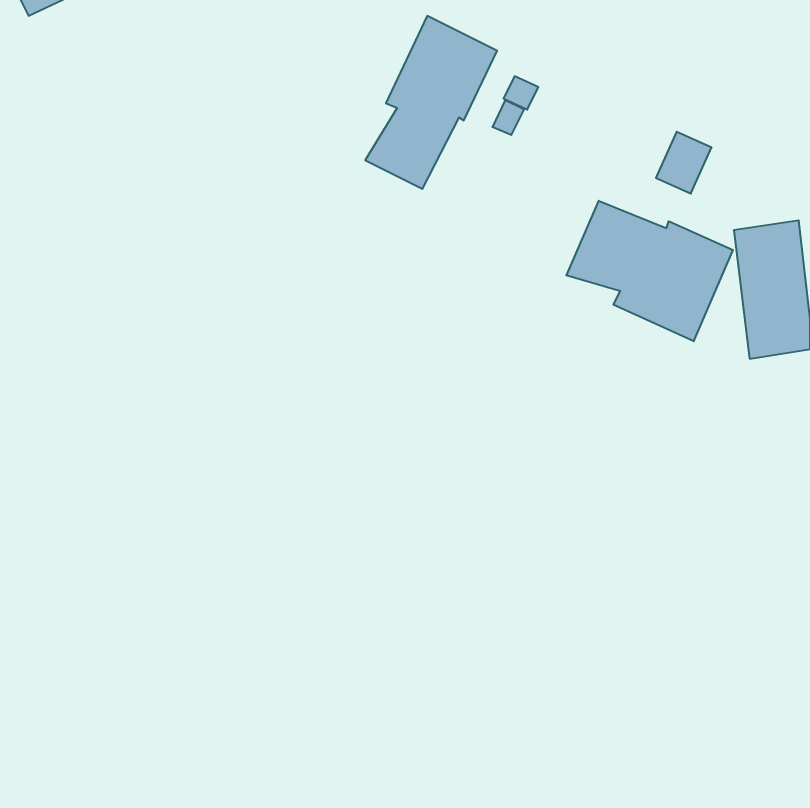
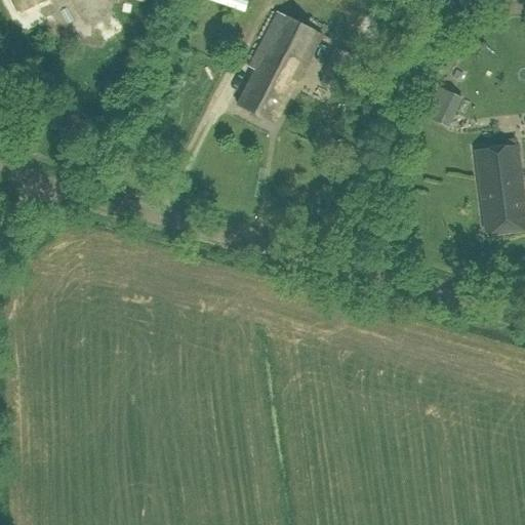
building: [566,201,733,341] -> none

